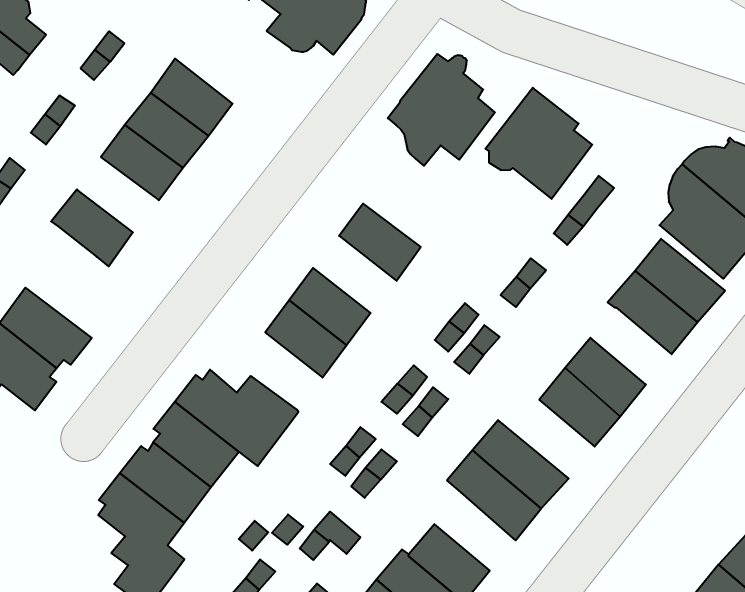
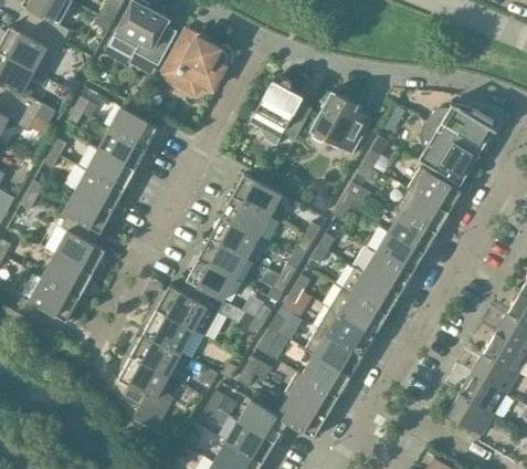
building: none -> [75,171,124,212]
building: none -> [54,216,106,278]
building: none -> [220,196,270,238]
building: none -> [388,212,436,254]
building: none -> [186,259,235,301]
building: none -> [341,268,400,316]
building: none -> [305,329,362,377]

